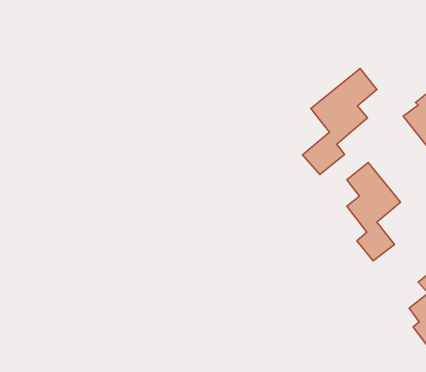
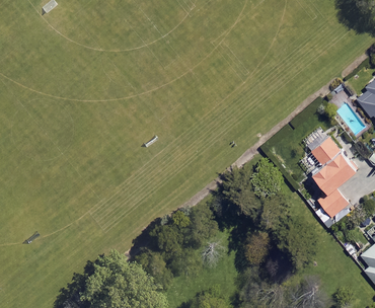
building: [303,68,377,174] -> none

